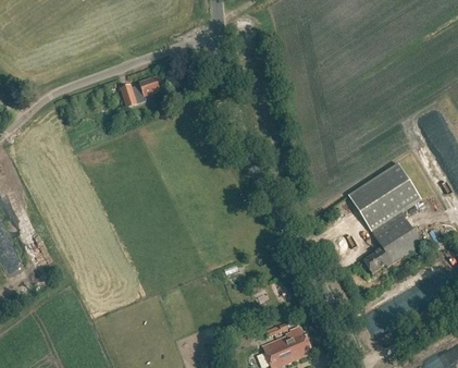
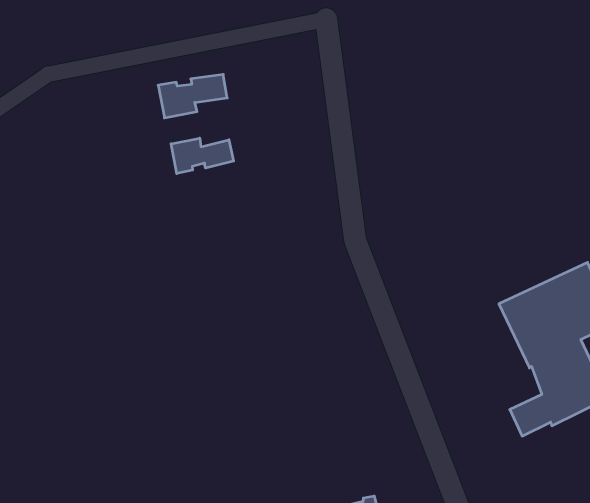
building: none -> [171,138,234,174]

